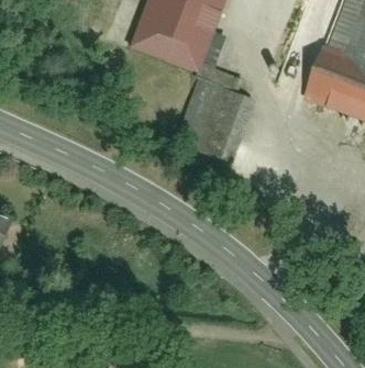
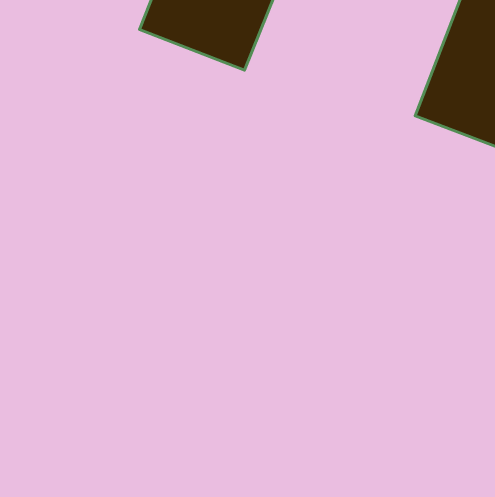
building: [187,82,255,154] -> none

